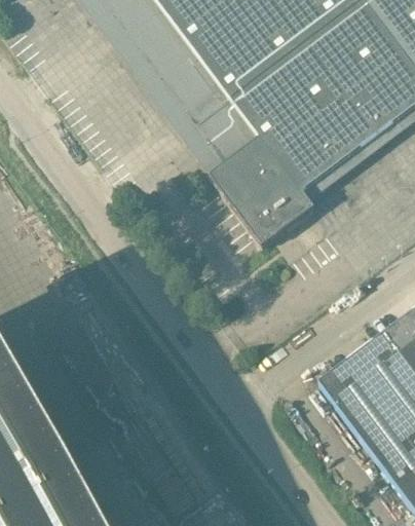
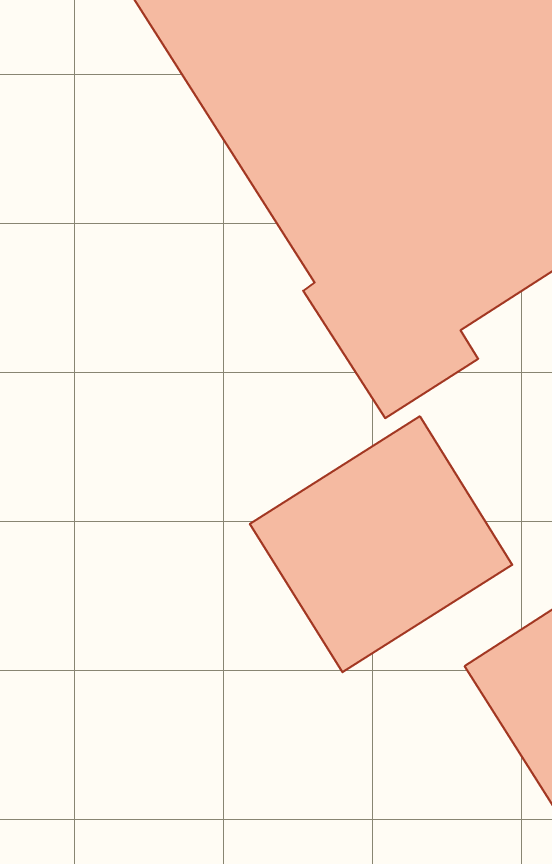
building: none -> [250,416,512,672]

